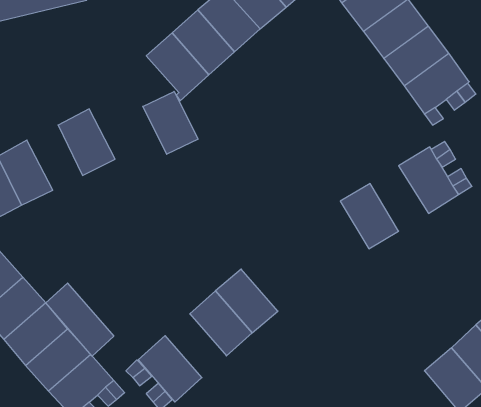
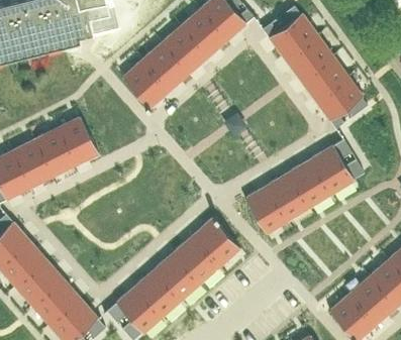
building: [143,91,198,154] -> none
building: none -> [33,129,75,178]
building: none -> [289,159,332,208]
building: none -> [244,186,288,235]
building: none -> [193,217,240,267]
building: [46,283,114,356] -> none
building: none -> [136,269,182,317]

